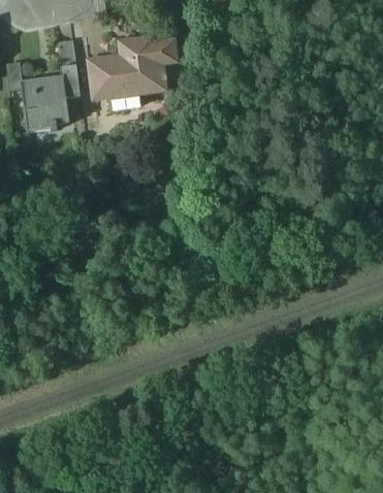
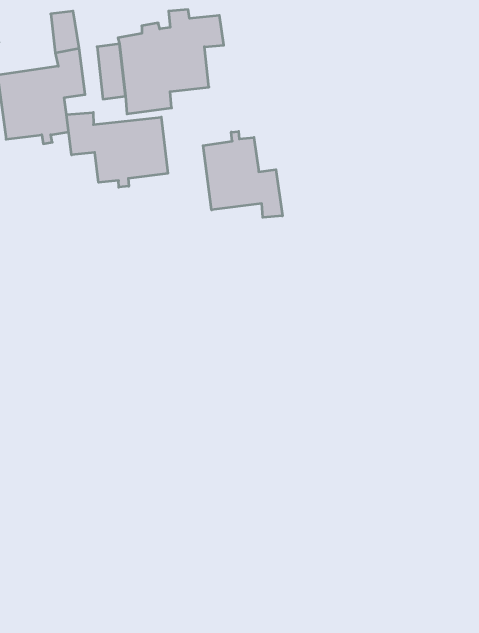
building: none -> [66,112,168,187]
building: none -> [203,131,282,217]

